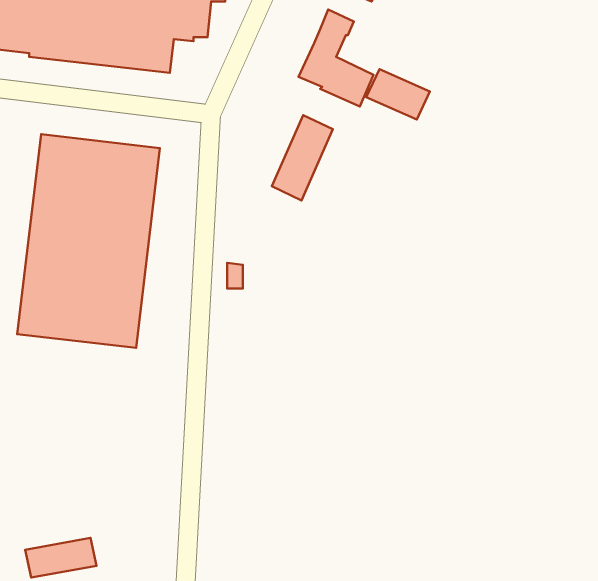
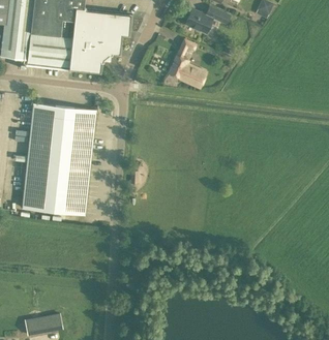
building: [366,69,430,119] -> none
building: [272,115,333,200] -> none

